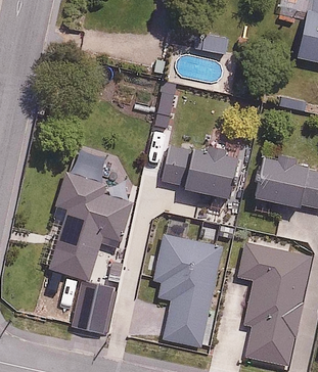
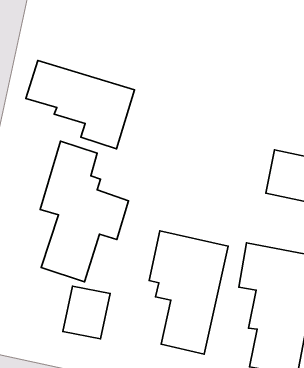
building: none -> [26,60,135,149]
building: [161,144,241,198] -> none

